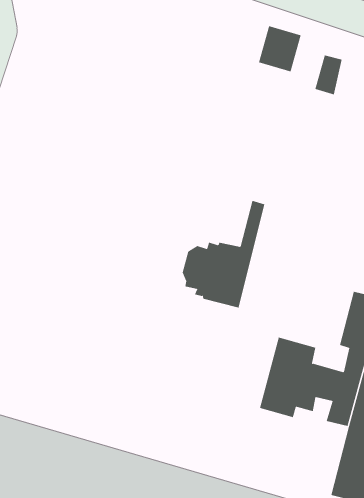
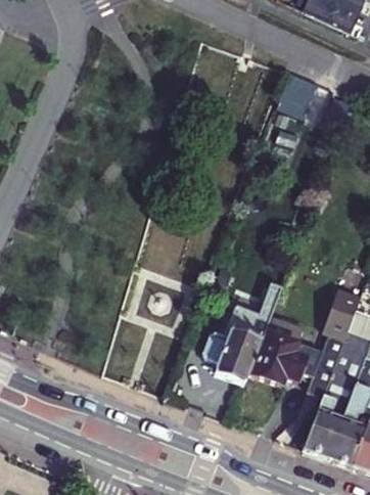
building: [182,200,265,308] -> [200,299,272,384]

